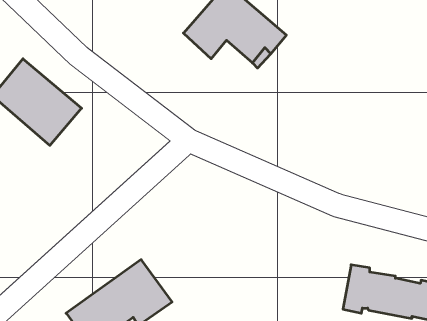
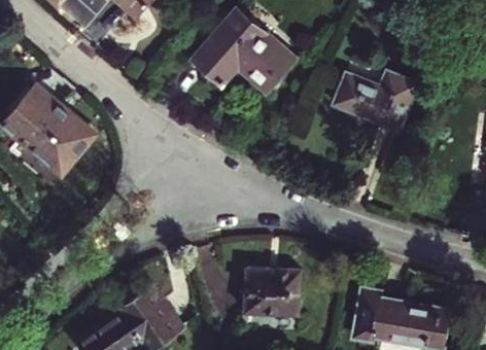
building: none -> [335,72,416,131]
building: none -> [244,269,300,316]

